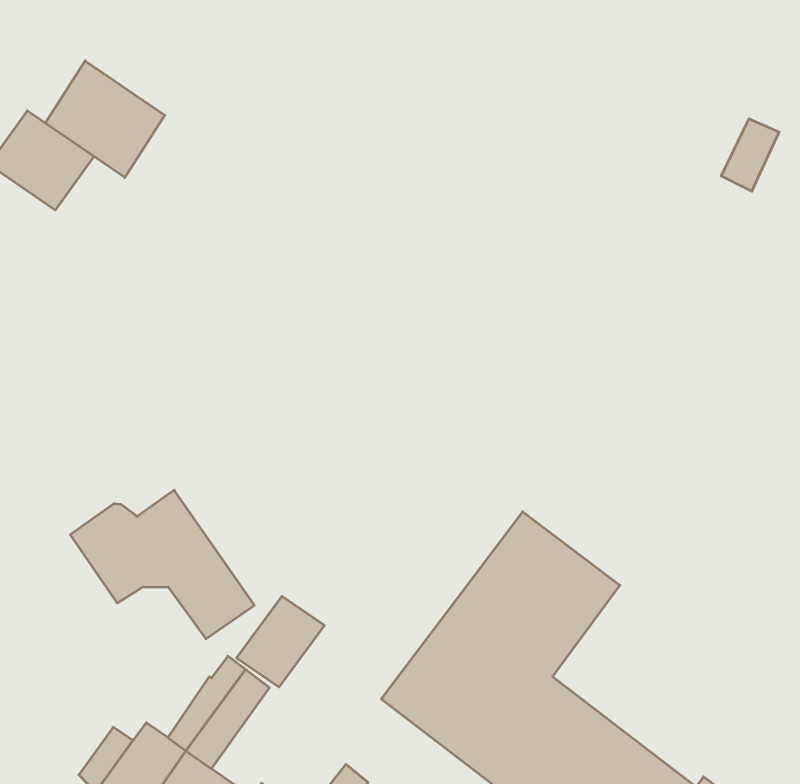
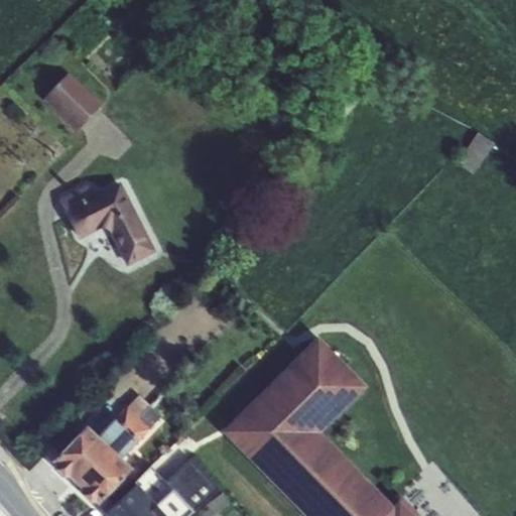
building: [45,61,165,178] -> none
building: [70,490,254,639] -> [58,180,157,267]
building: [237,596,324,687] -> none

